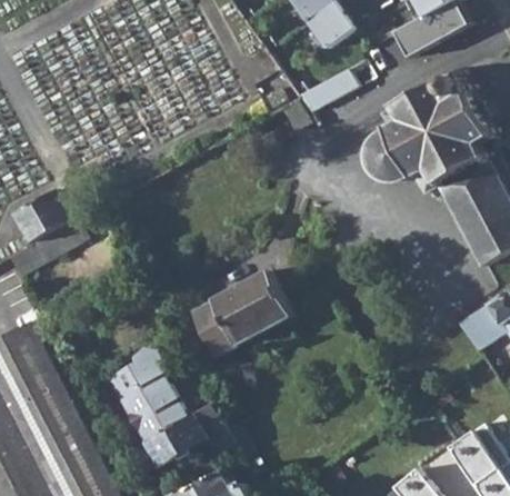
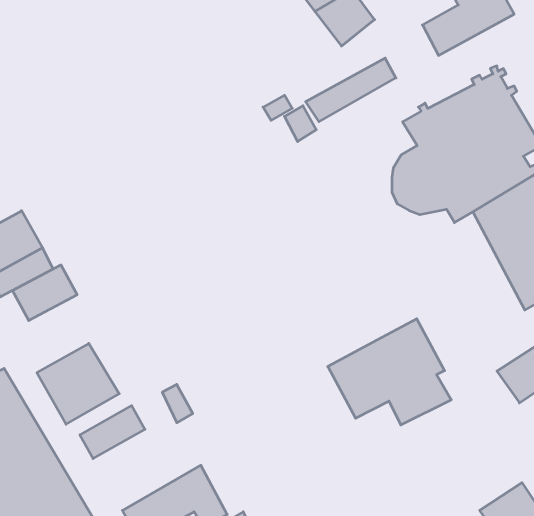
building: none -> [13,265,77,321]
building: [189,269,292,358] -> [328,319,451,425]
building: [119,371,188,439] -> [37,343,119,424]

